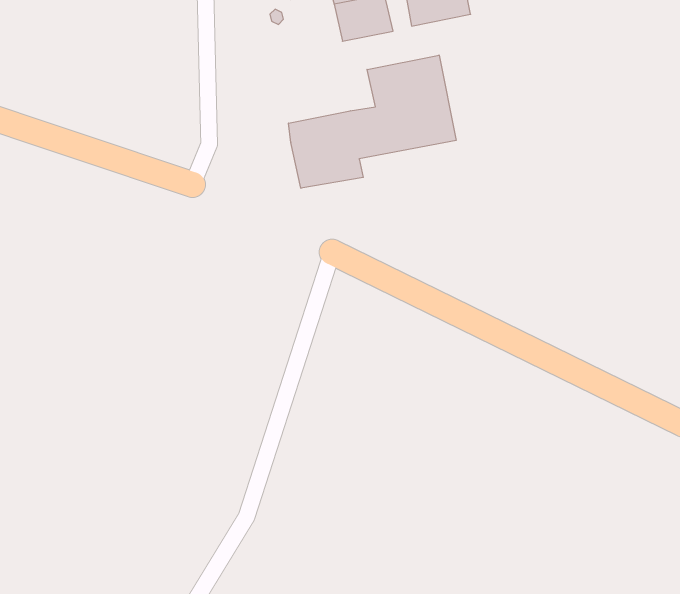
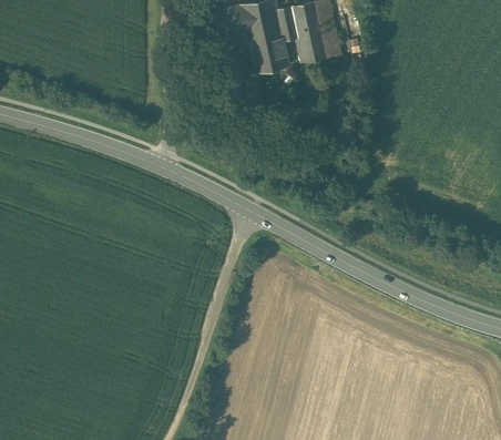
building: [289,55,456,188] -> none

